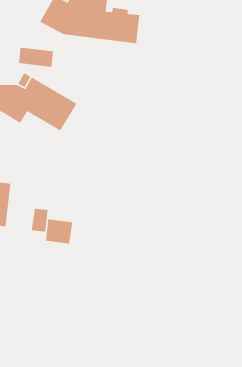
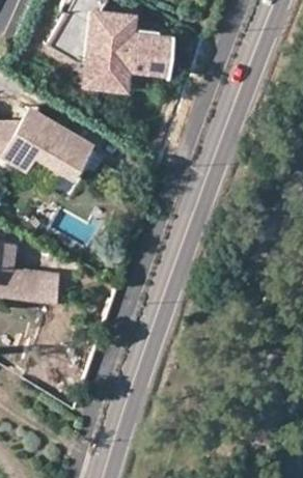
building: [18,47,54,68] -> [83,63,127,89]
building: [45,218,73,245] -> [8,270,43,302]

